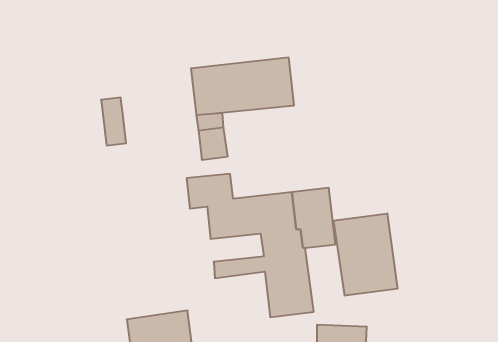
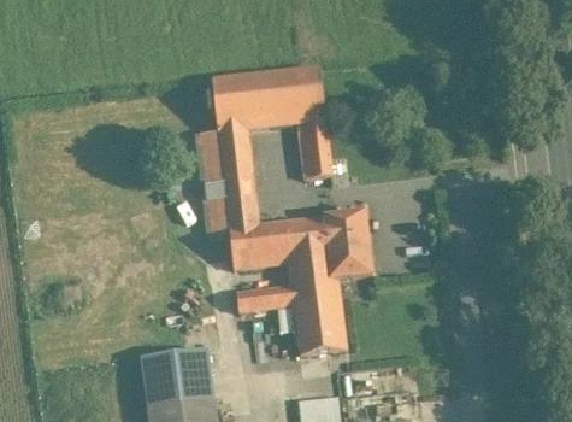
building: [101,98,126,145] -> [196,129,224,182]
building: none -> [305,119,332,176]
building: [333,213,397,296] -> none

